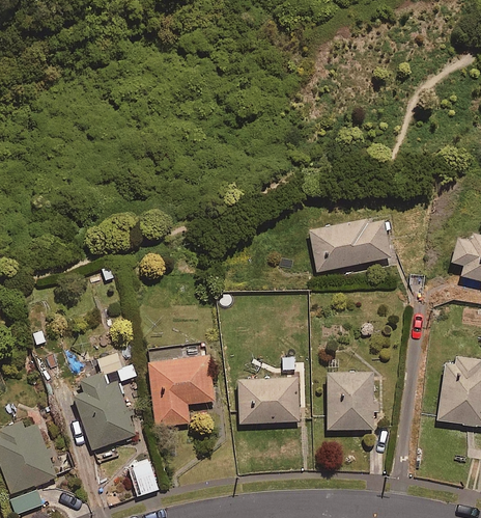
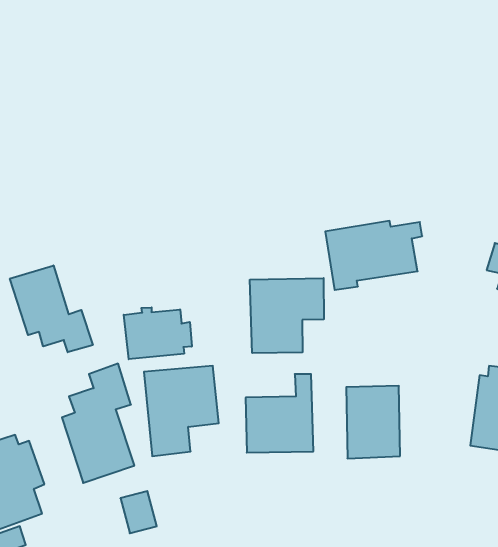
building: none -> [10,265,93,352]
building: none -> [250,278,324,353]
building: none -> [124,307,192,359]

